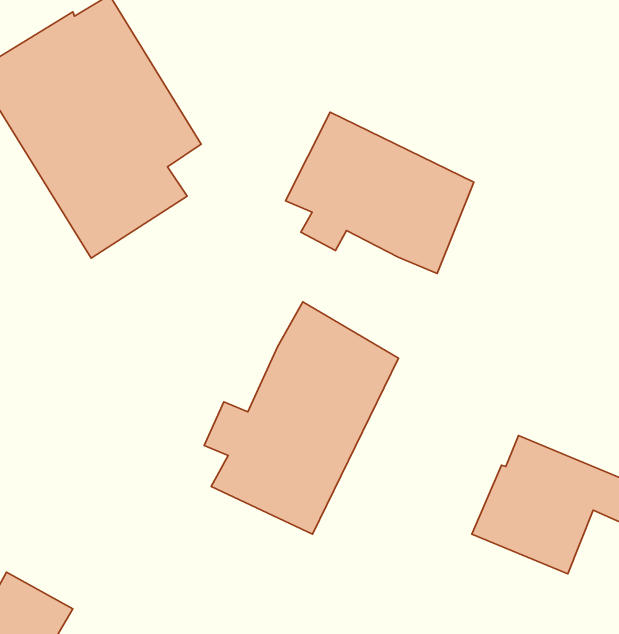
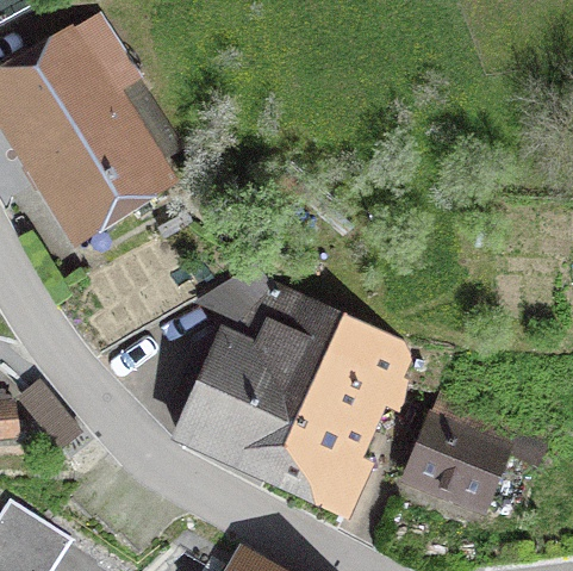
building: [286,112,474,273] -> none
building: none -> [267,328,415,513]

